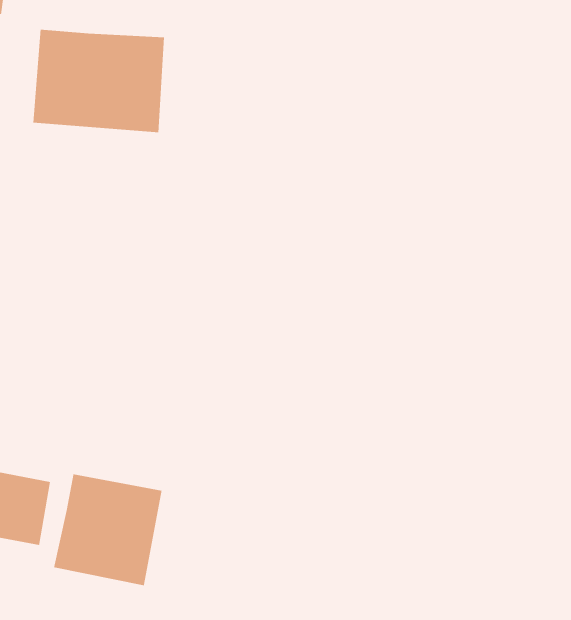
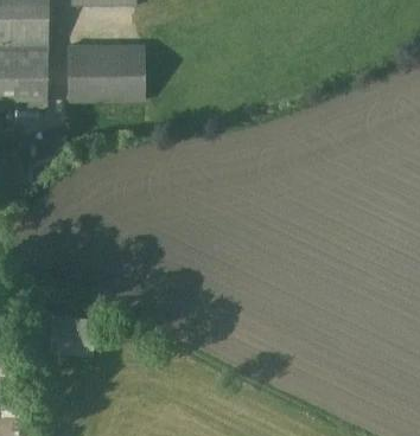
building: [54,474,162,586] -> none

